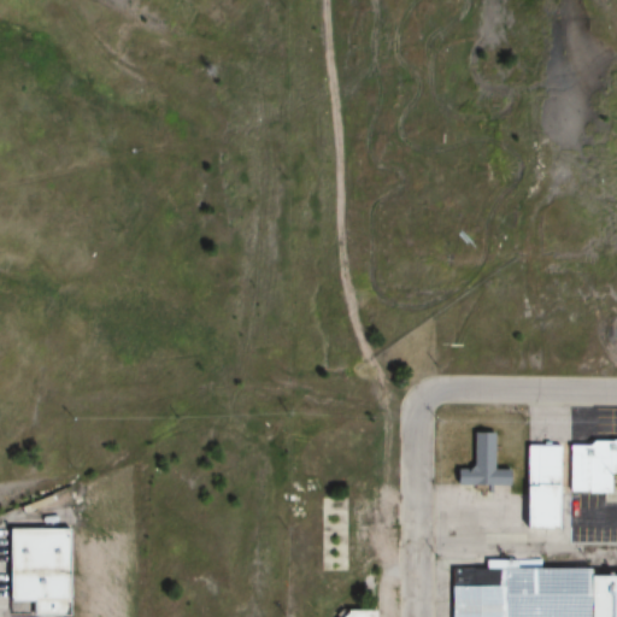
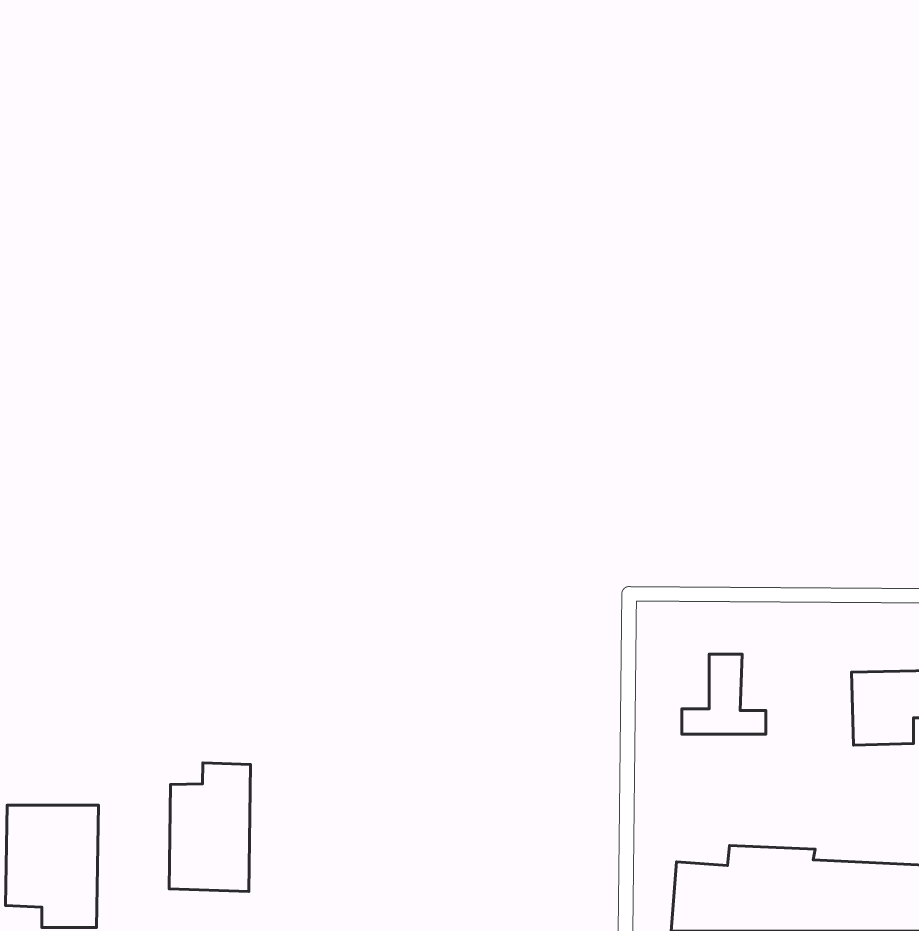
building: [528,446,568,530] -> none
building: none -> [169,763,251,892]

